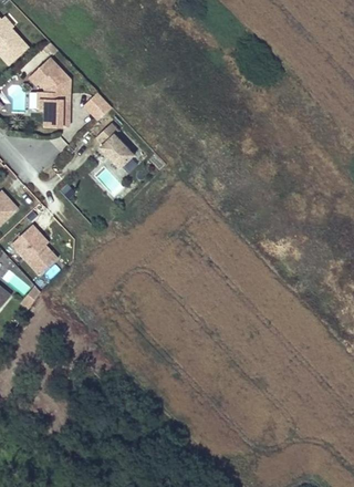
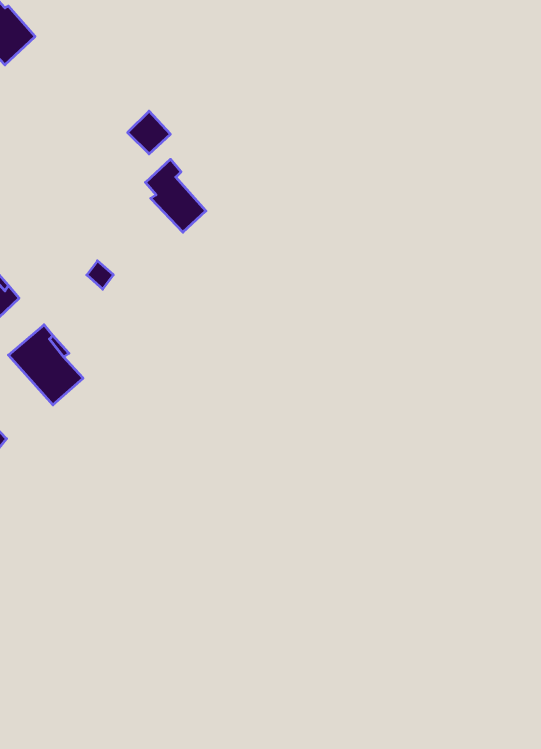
building: [28,54,69,123] -> none

